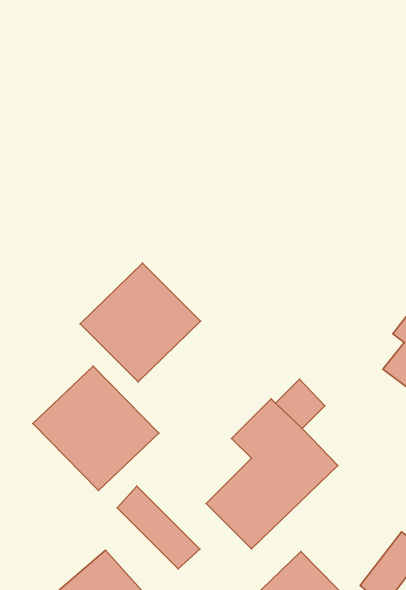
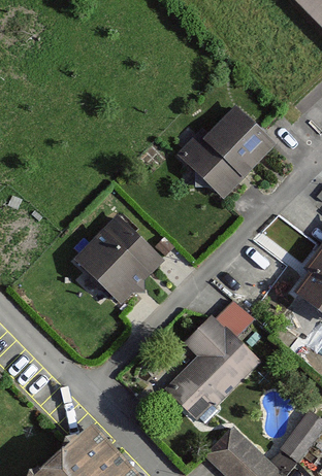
building: none -> [182,106,276,201]
building: [33,366,159,490] -> none
building: [117,486,200,569] -> none

